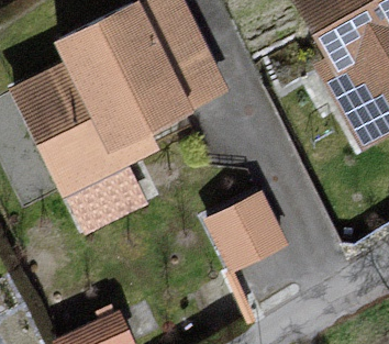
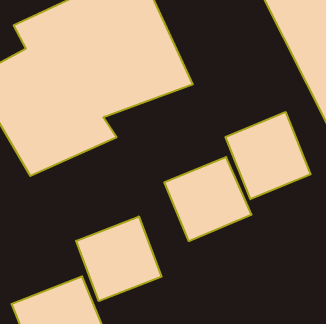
building: none -> [225,112,311,199]
building: none -> [76,216,162,301]

